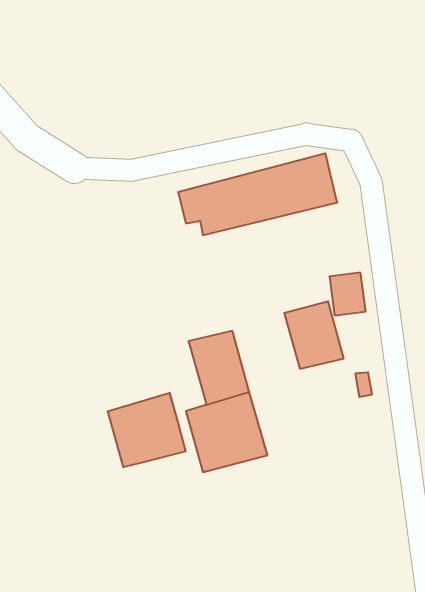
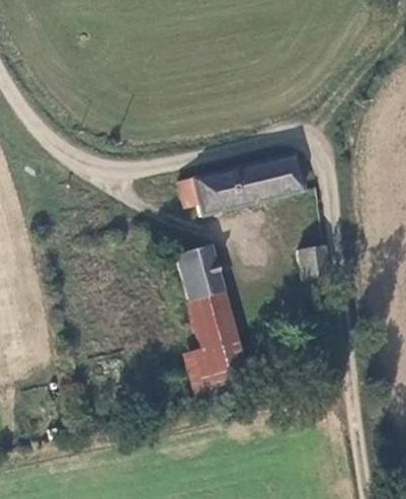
building: [284,301,344,369] -> [175,245,222,298]
building: [108,393,186,467] -> none

